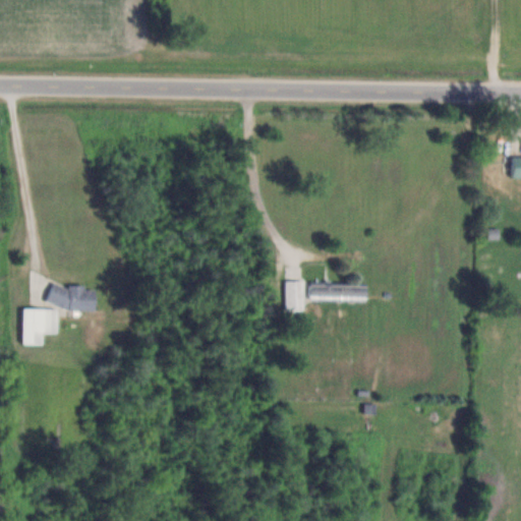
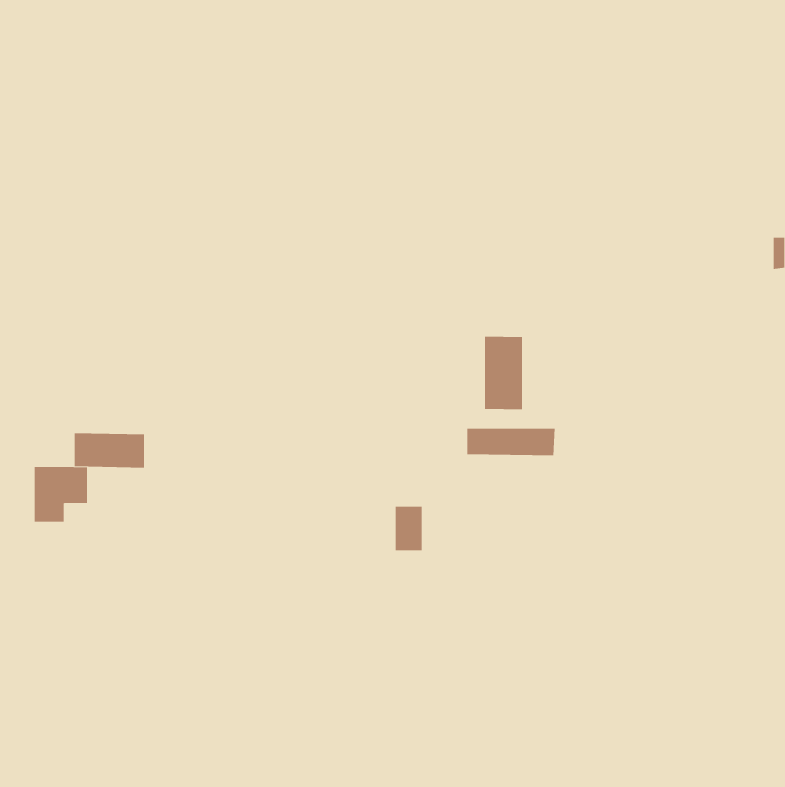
building: none -> [484,336,523,410]
building: [285,281,303,310] -> [395,506,423,551]

